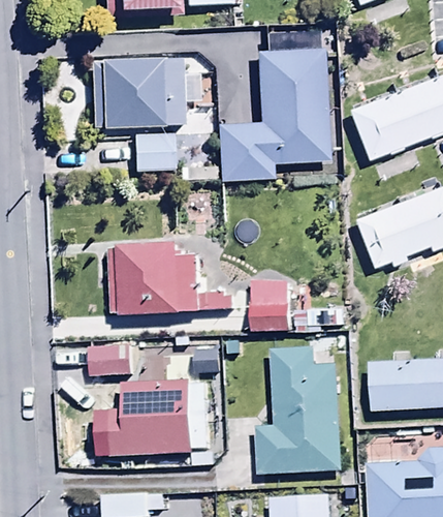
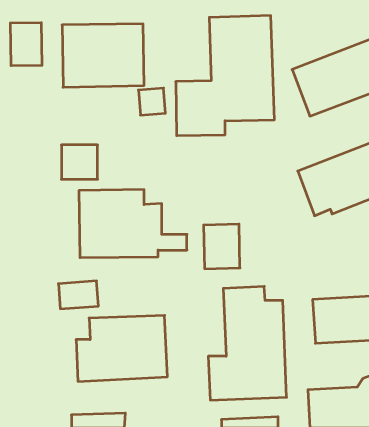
building: none -> [10,23,42,66]
building: [134,133,175,172] -> [61,145,98,179]

